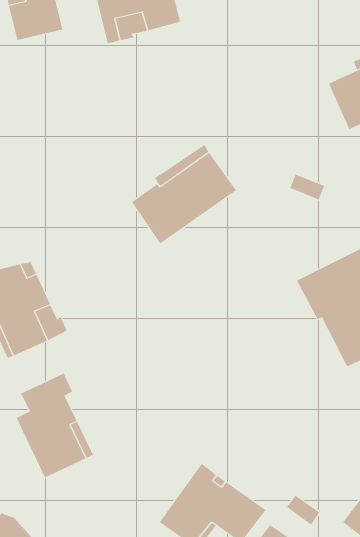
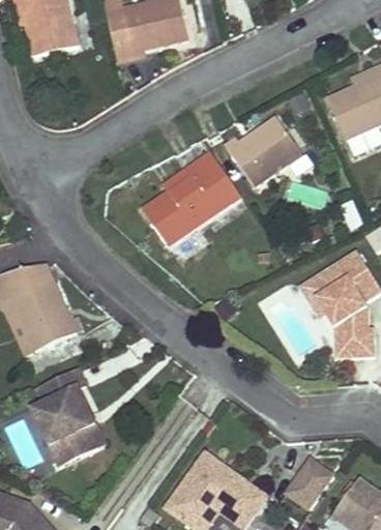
building: none -> [224,114,301,186]
building: none -> [295,459,335,499]

